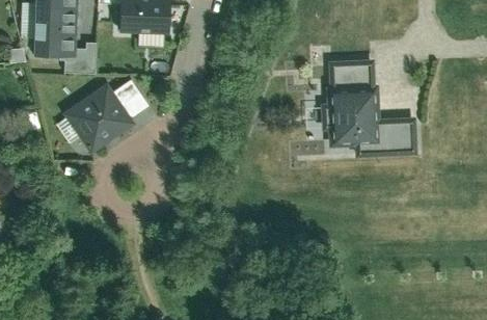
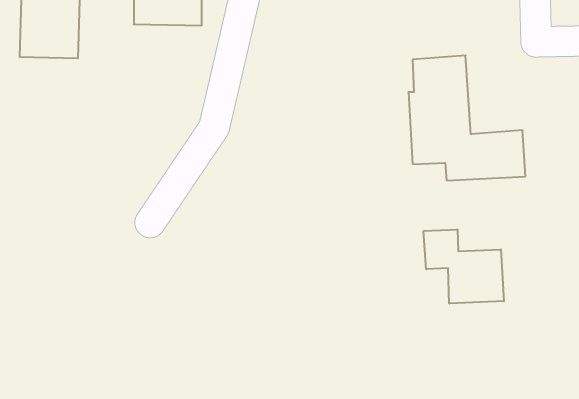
building: [62,76,151,152] -> none
building: none -> [424,229,504,304]

